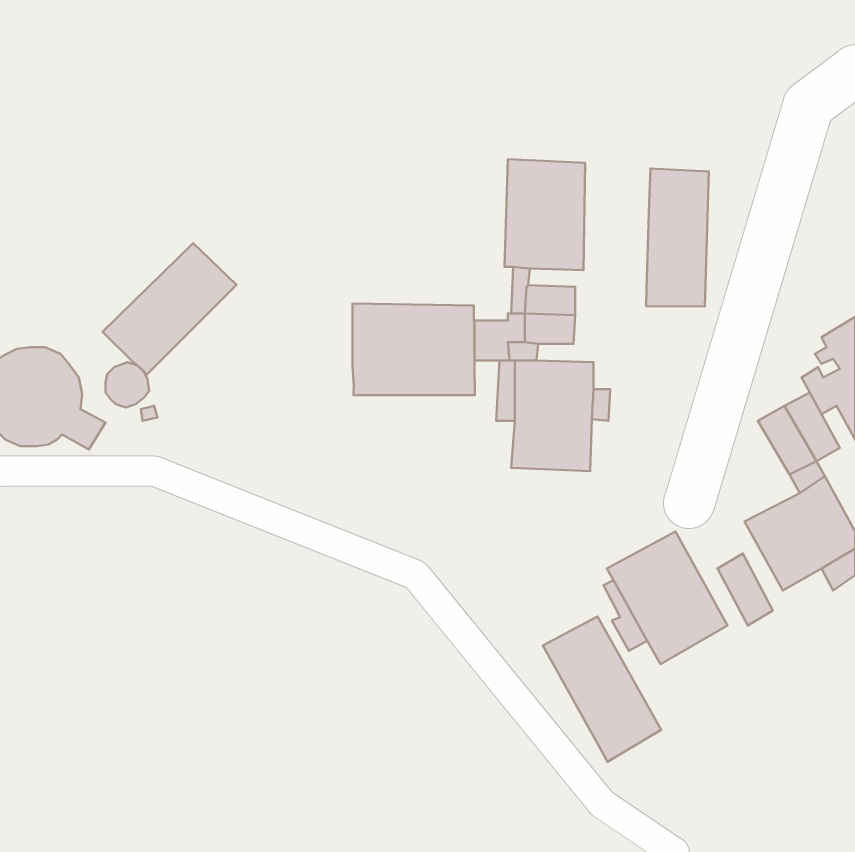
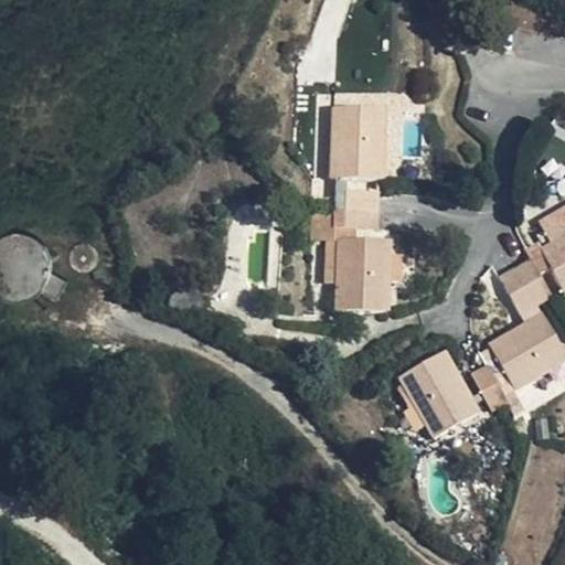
building: [646,168,709,306] -> none
building: [103,243,236,374] -> none
building: [353,304,475,395] -> none
building: [543,616,661,762] -> none

